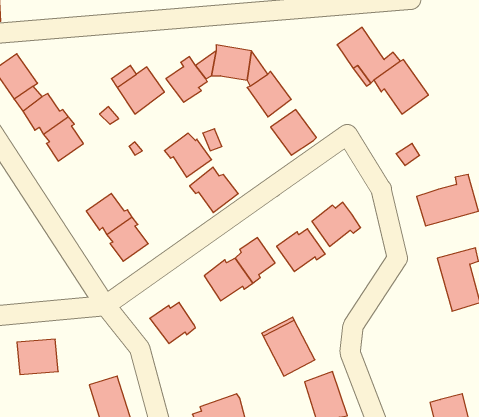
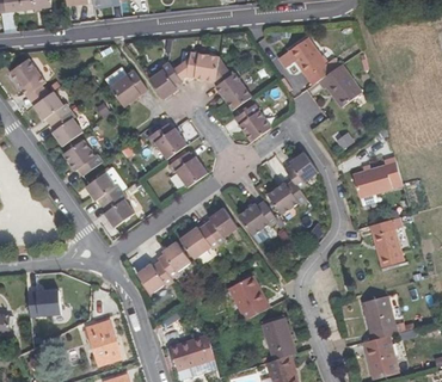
building: none -> [62,140,102,175]
building: none -> [284,152,318,189]
building: none -> [156,241,190,278]
building: none -> [361,295,397,339]

